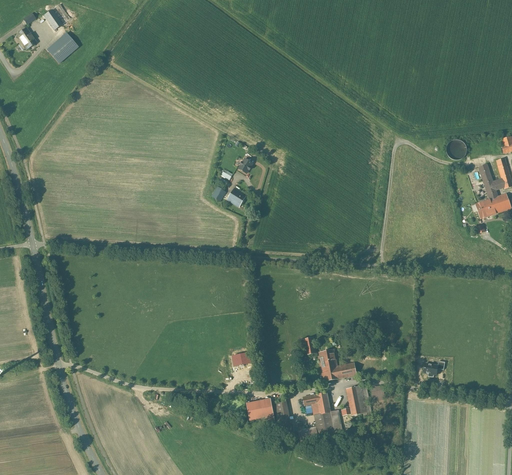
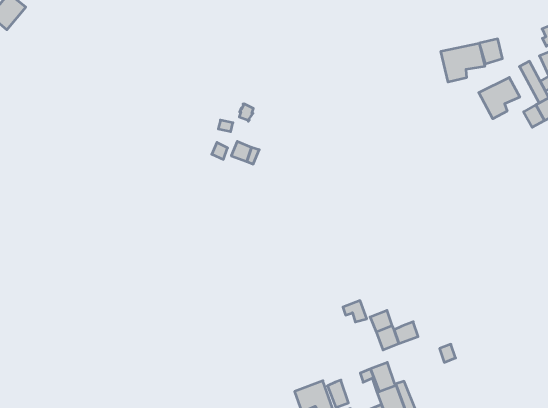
building: none -> [441,43,485,82]
building: none -> [479,77,520,119]
building: [341,385,367,415] -> none

